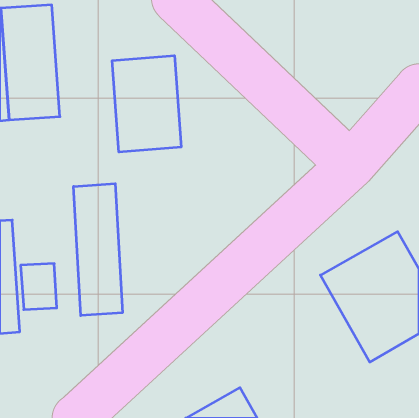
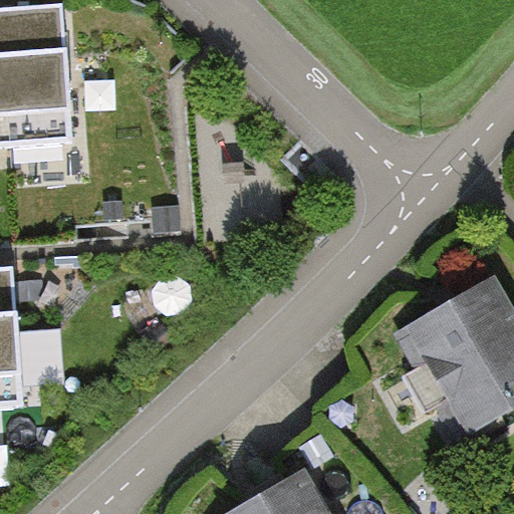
building: [112,56,181,152] -> none
building: [74,184,122,316] -> none

